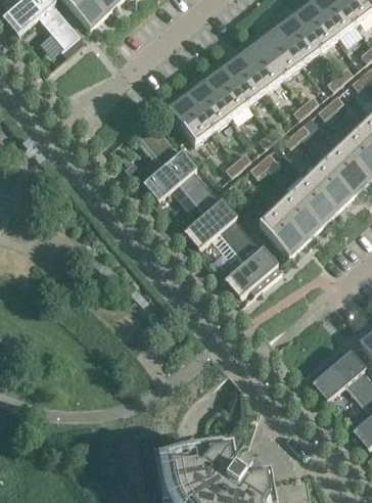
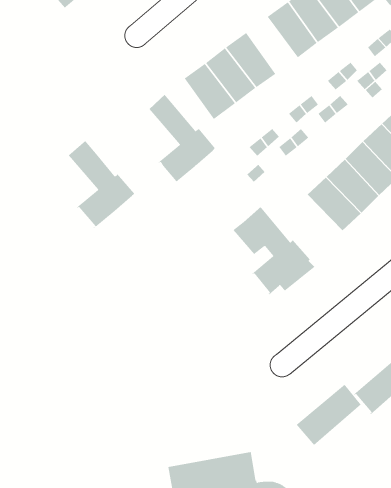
building: [221,55,265,104] -> none
building: [177,171,235,247] -> [68,140,135,229]
building: [257,209,304,256] -> none
building: none -> [296,384,361,446]

